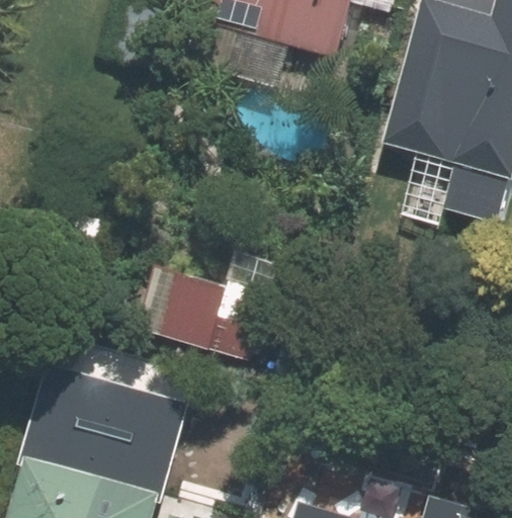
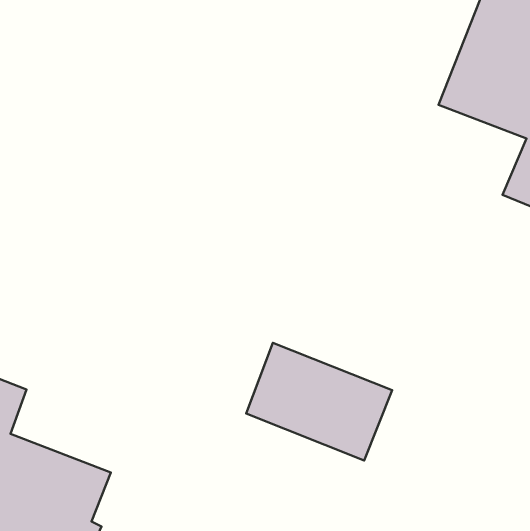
building: [162,279,273,363] -> [246,343,392,460]

